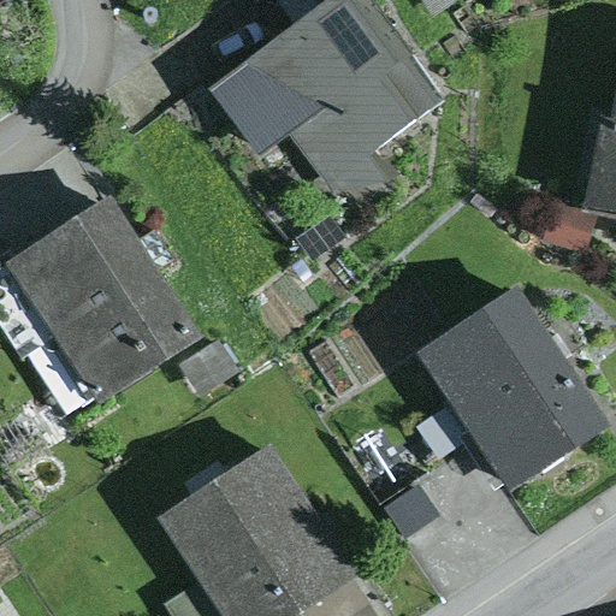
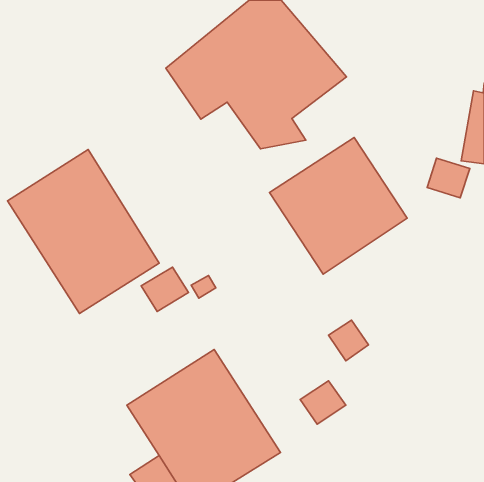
building: none -> [270,137,407,274]
building: [419,288,608,488] -> none

